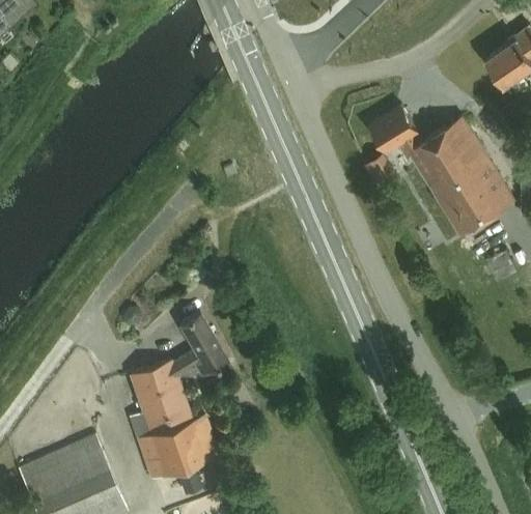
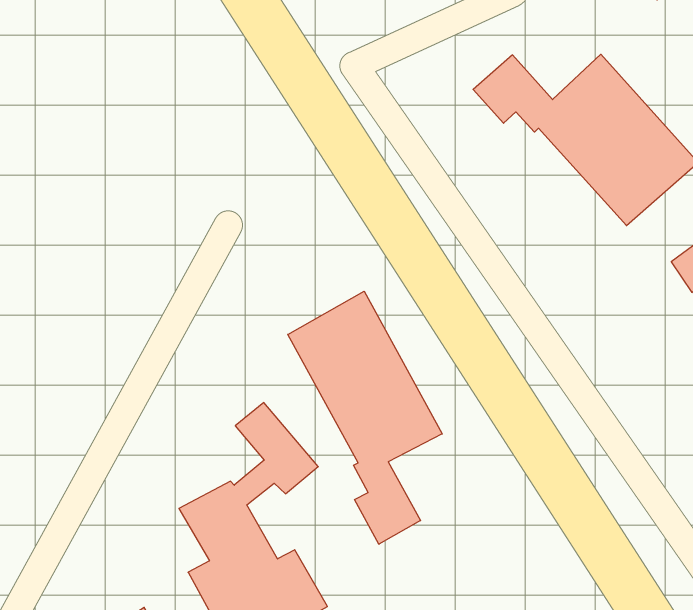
building: none -> [288,291,442,544]

